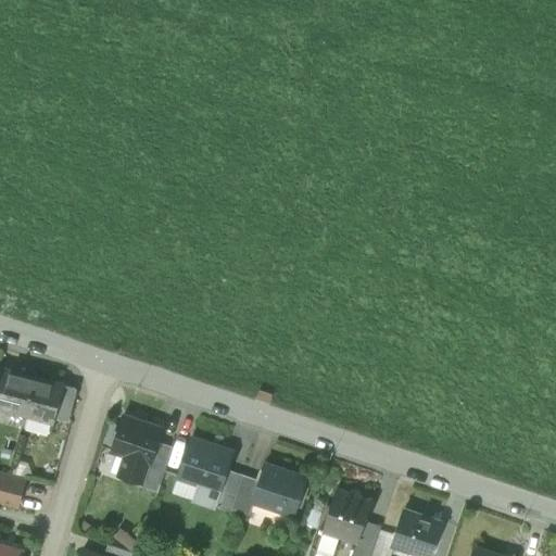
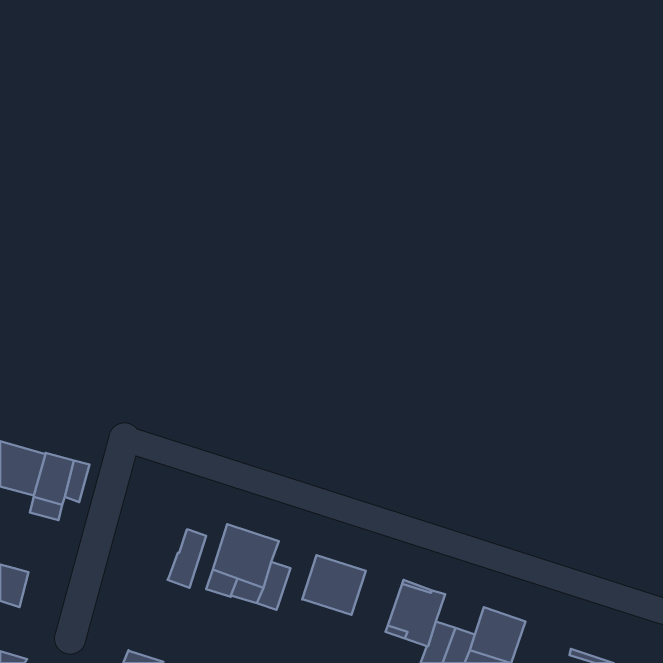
building: [112,416,162,483] -> none
building: [232,476,260,514] -> none

